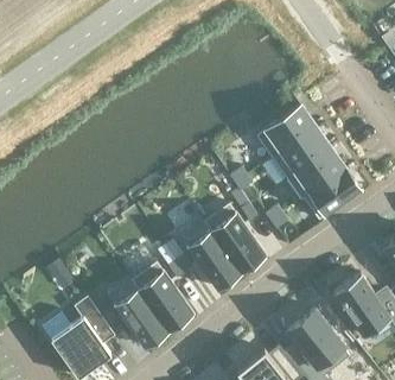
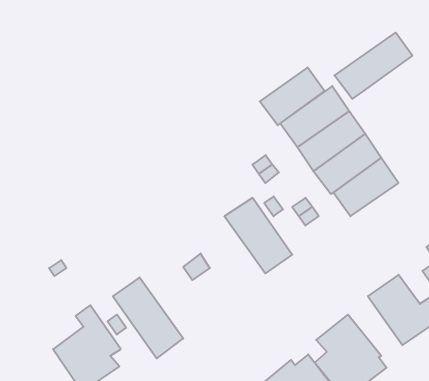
building: none -> [334,33,412,99]
building: none -> [260,67,325,125]
building: [176,215,241,289] -> none
building: [120,246,192,330] -> none

